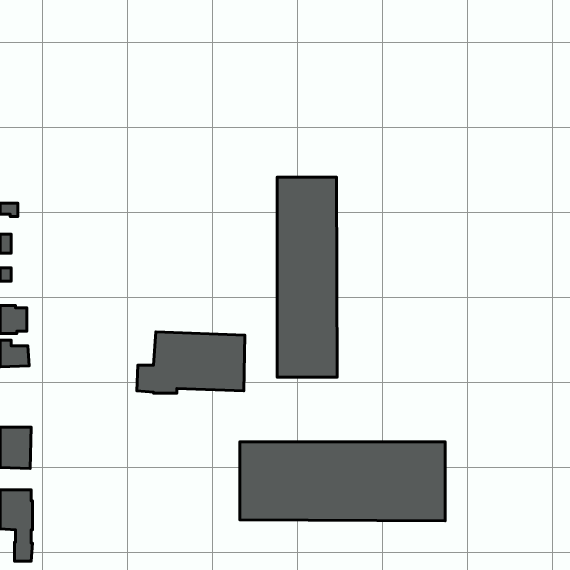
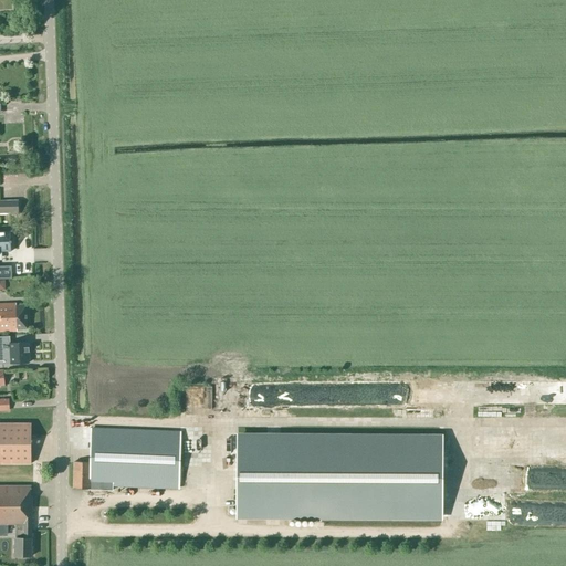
building: [277,177,337,377] -> none
building: [137,332,245,393] -> [73,429,180,490]

